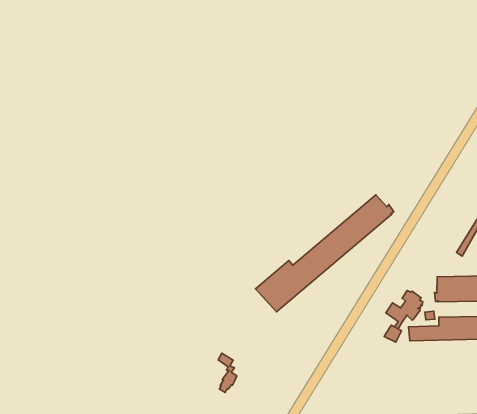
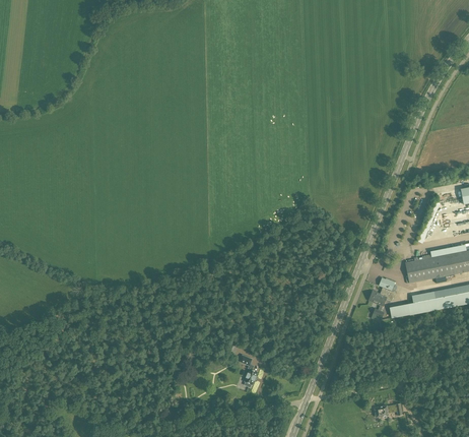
building: [255,195,394,312] -> none

